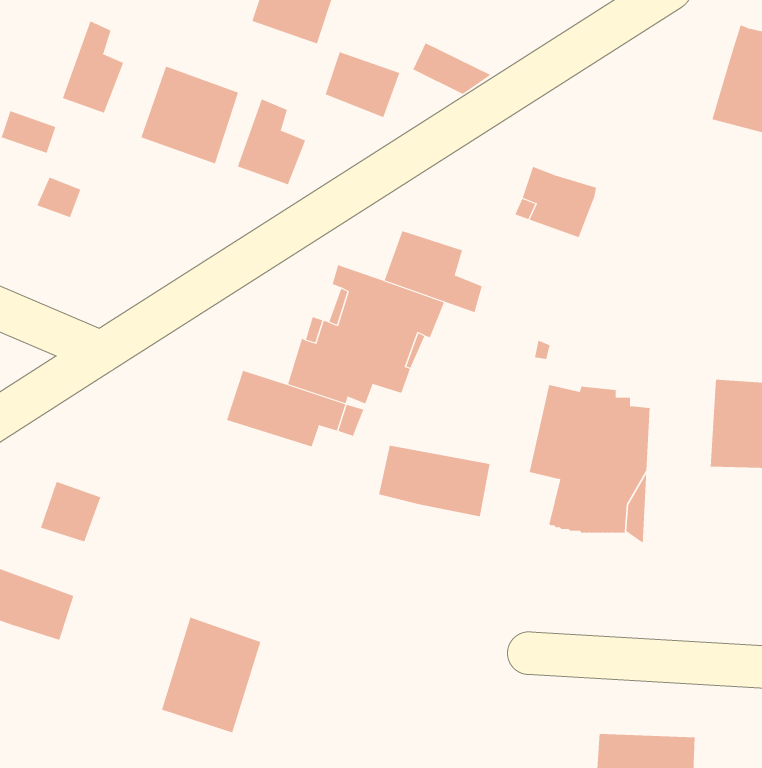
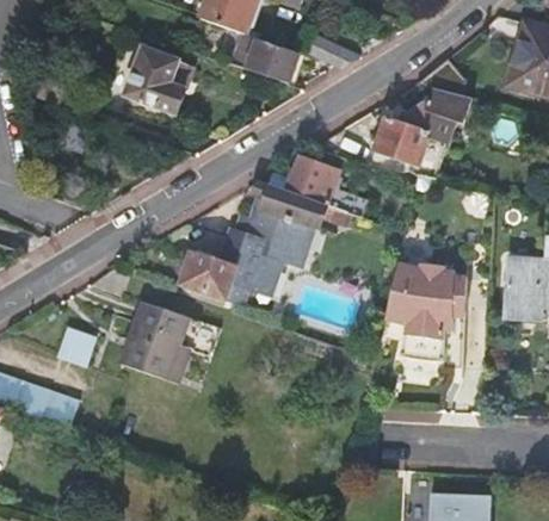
building: [62,21,124,113] -> none
building: [237,98,306,185] -> none
building: none -> [401,87,470,141]
building: [378,445,490,517] -> none
building: [161,617,261,733] -> [121,300,187,378]

